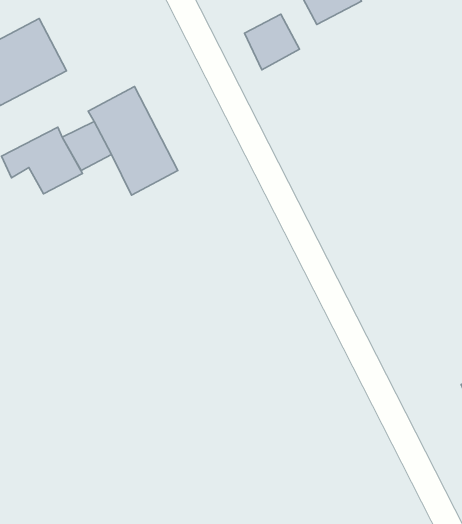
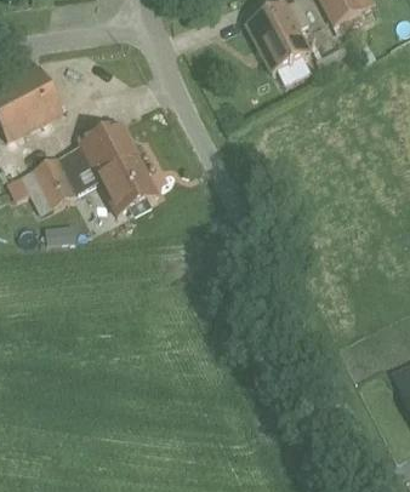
building: [244,14,299,70] -> none

